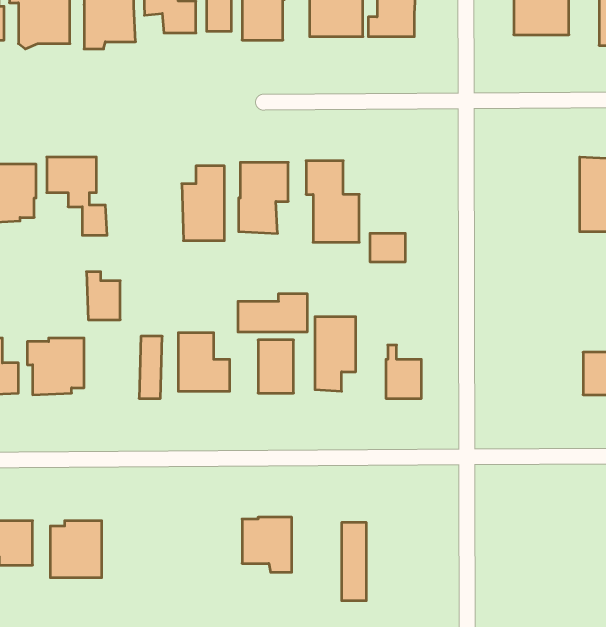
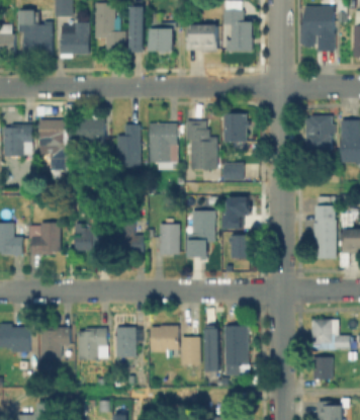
building: none -> [222,113,249,142]
building: none -> [75,115,103,147]
building: none -> [305,115,334,150]
building: [86,272,120,320] -> [73,223,92,250]
building: [238,294,307,332] -> none
building: none -> [222,197,246,229]
building: none -> [312,205,335,258]
building: none -> [310,319,350,349]
building: none -> [223,326,247,364]
building: none -> [115,327,134,357]
building: none -> [77,328,107,360]
building: none -> [178,337,196,364]
building: none -> [310,357,332,379]

